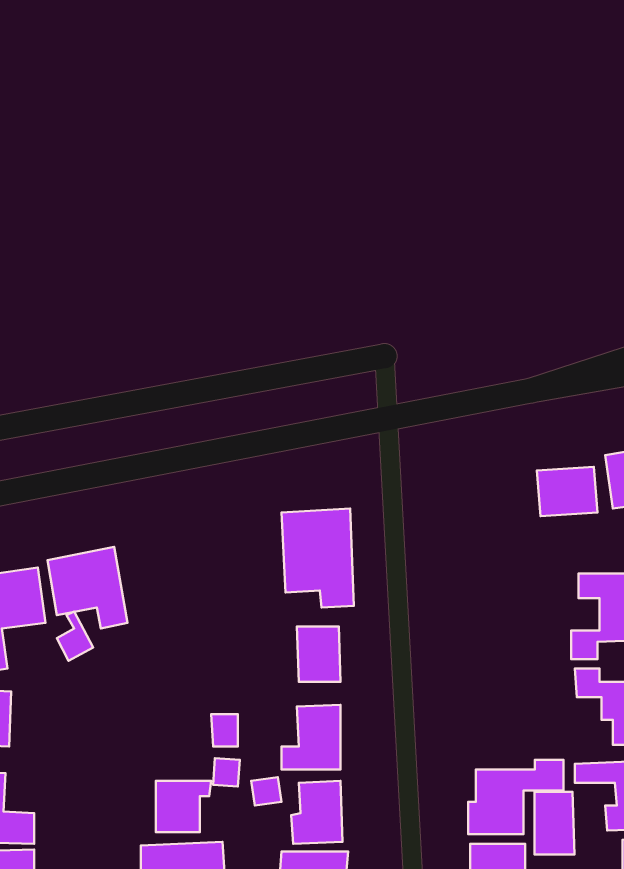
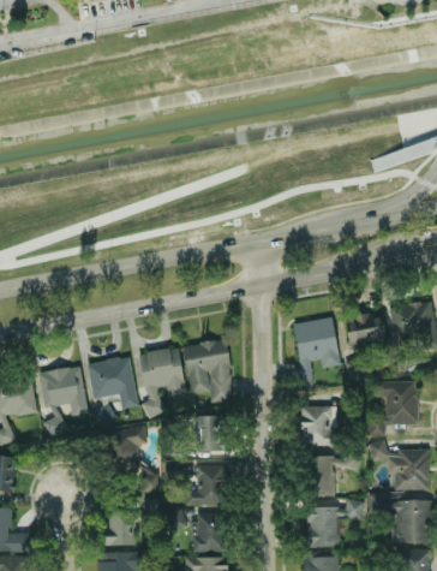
building: none -> [293,316,340,380]
building: none -> [137,346,185,416]
building: none -> [86,355,138,408]
building: none -> [300,405,336,445]
building: none -> [113,424,146,470]
building: [534,792,574,855] -> [310,456,335,495]

